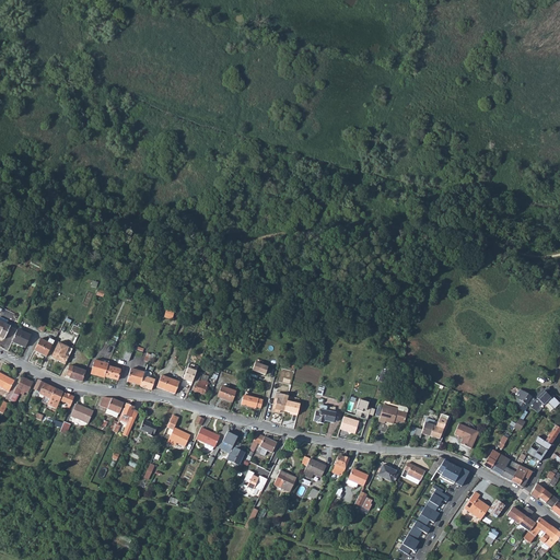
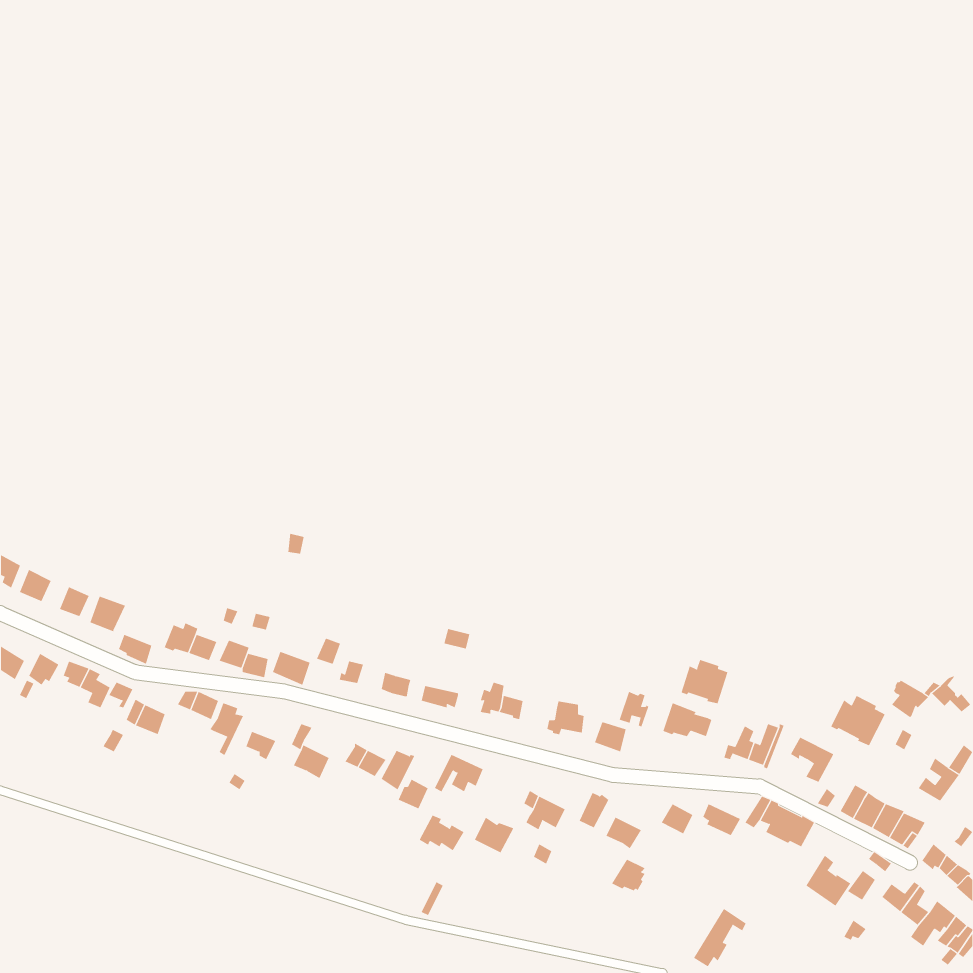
building: none -> [681,659,728,704]
building: none -> [830,695,885,746]
building: [417,490,448,526] -> none

